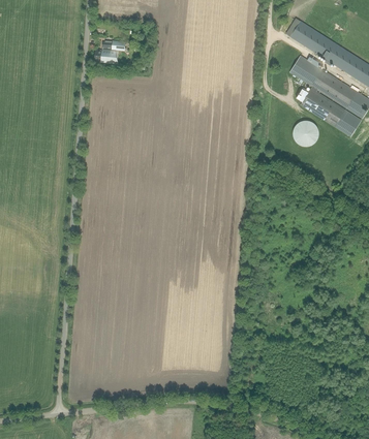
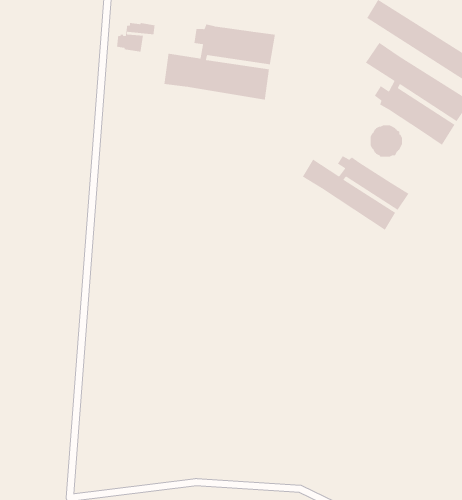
building: none -> [164,24,276,101]
building: none -> [302,155,409,231]

